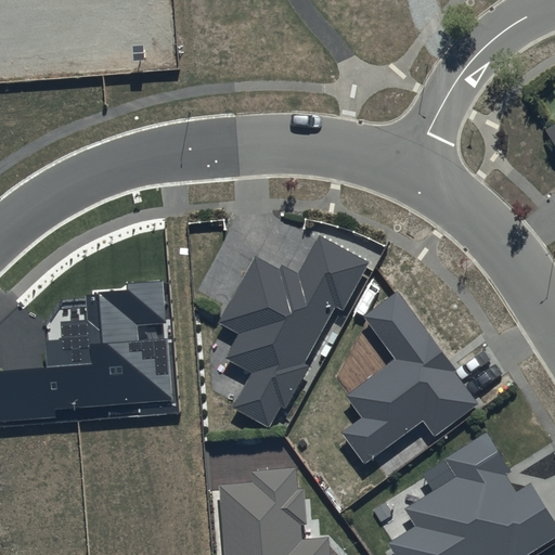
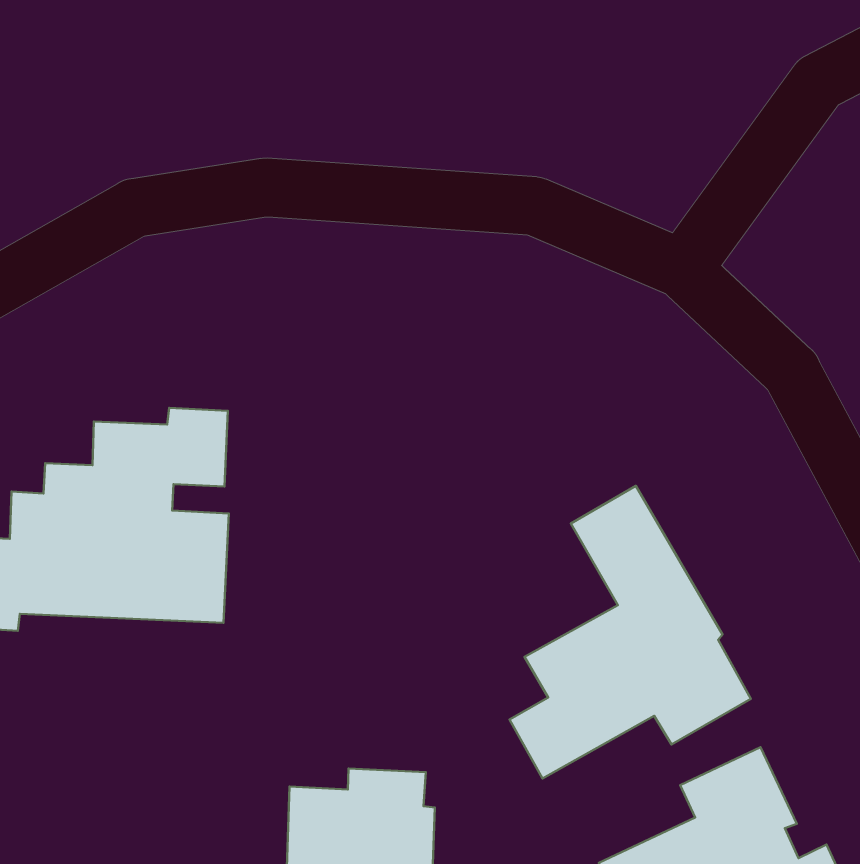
building: [216,237,369,427] -> none

